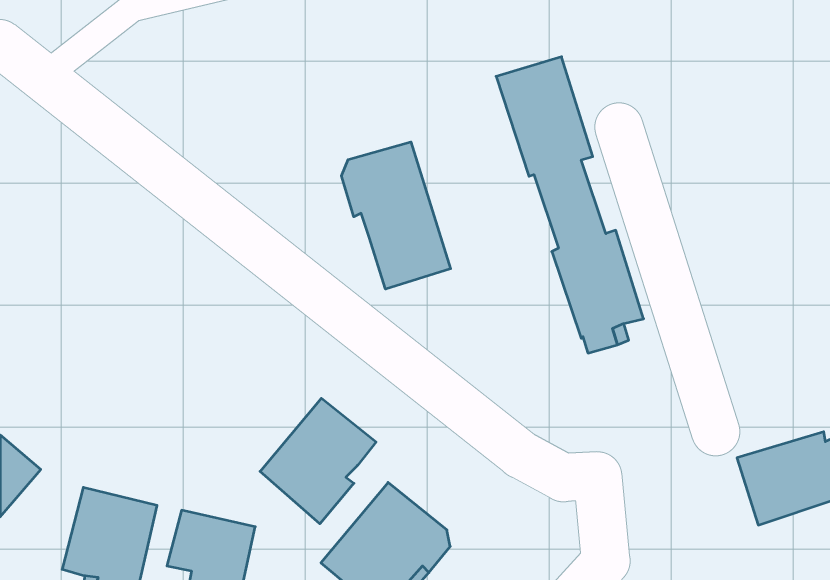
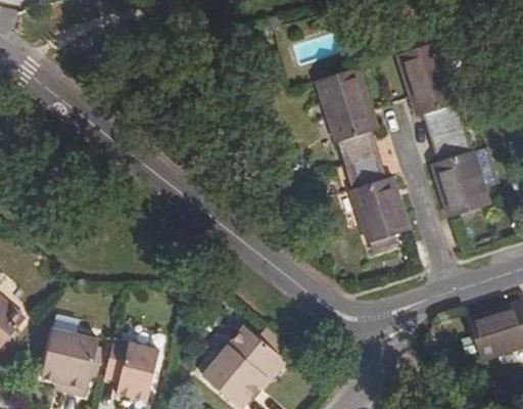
building: none -> [393,33,486,210]
building: [341,142,451,289] -> none
building: [260,398,376,524] -> none

